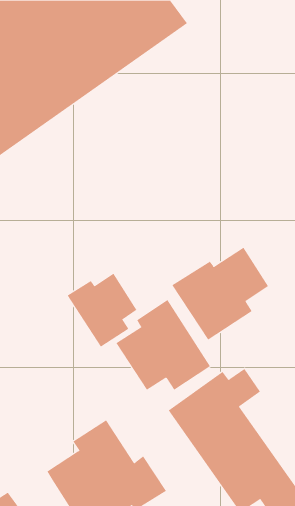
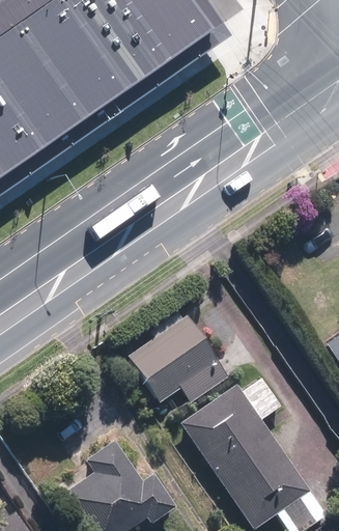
building: [172,247,269,340] -> none
building: [67,273,137,348] -> none

